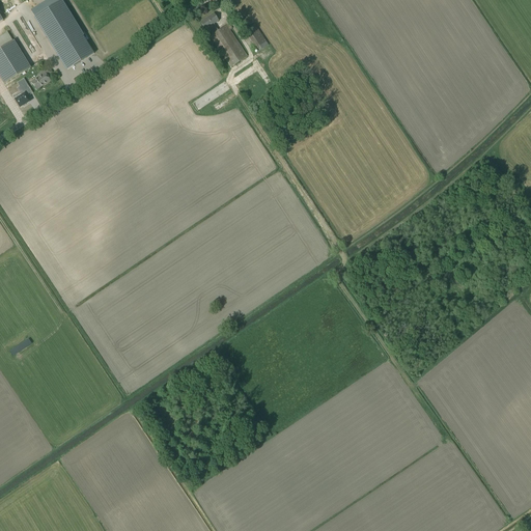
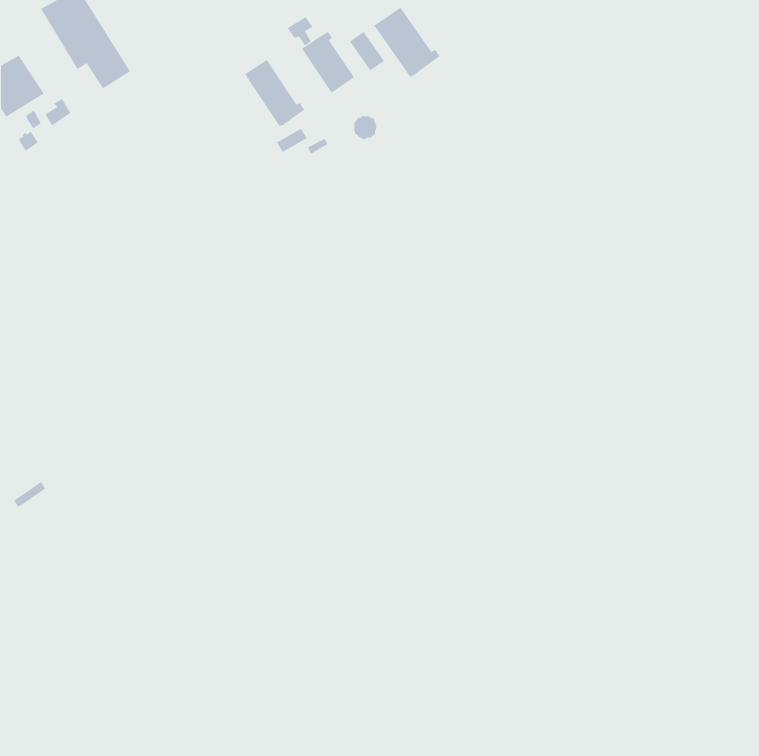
building: none -> [374,7,440,78]
building: none -> [244,59,305,127]

